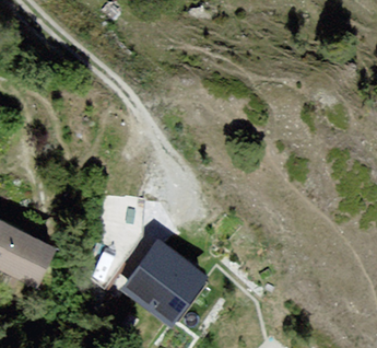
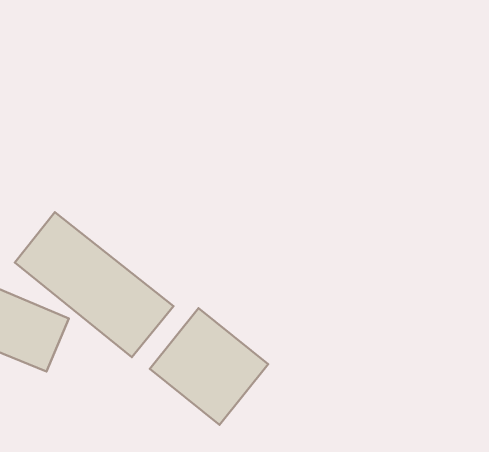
building: none -> [15,212,174,357]

